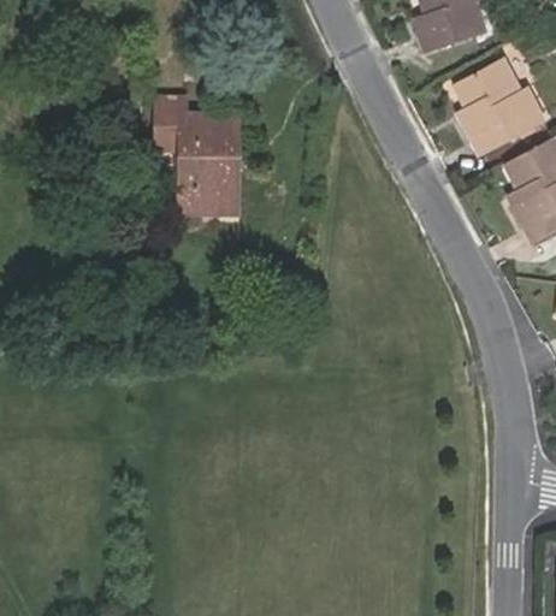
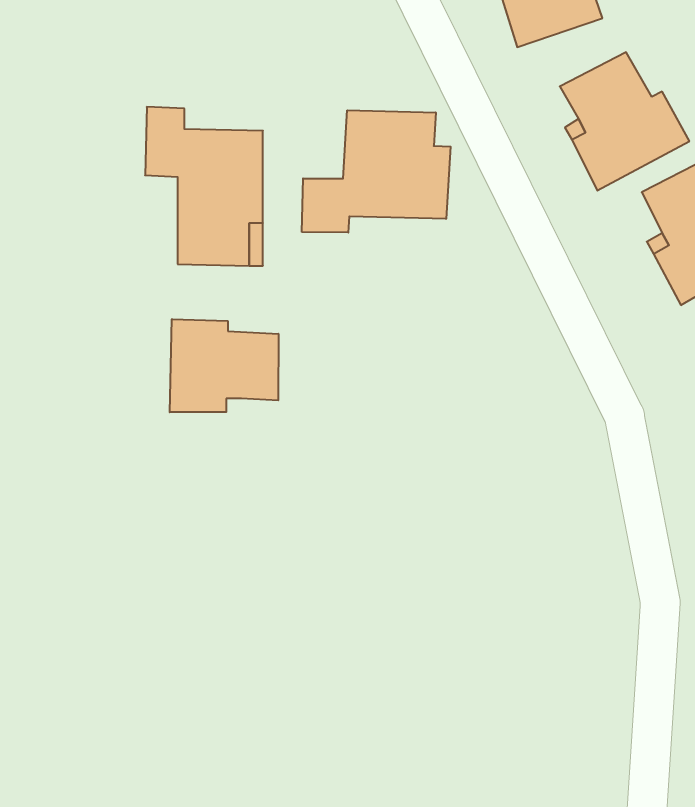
building: none -> [302,110,451,233]
building: none -> [170,319,278,412]

